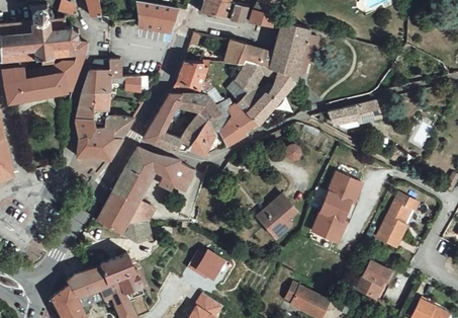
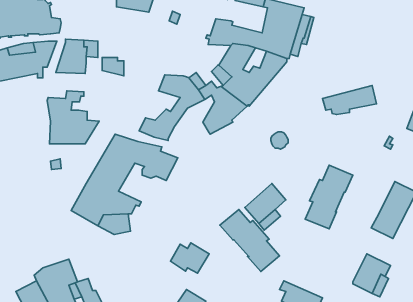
building: [176,62,210,90] -> none
building: [74,90,108,114] -> none
building: [143,92,183,145] -> none
building: [186,111,230,157] -> none
building: [102,112,132,136] -> none
building: none -> [220,209,280,272]
building: [92,252,136,295] -> none

